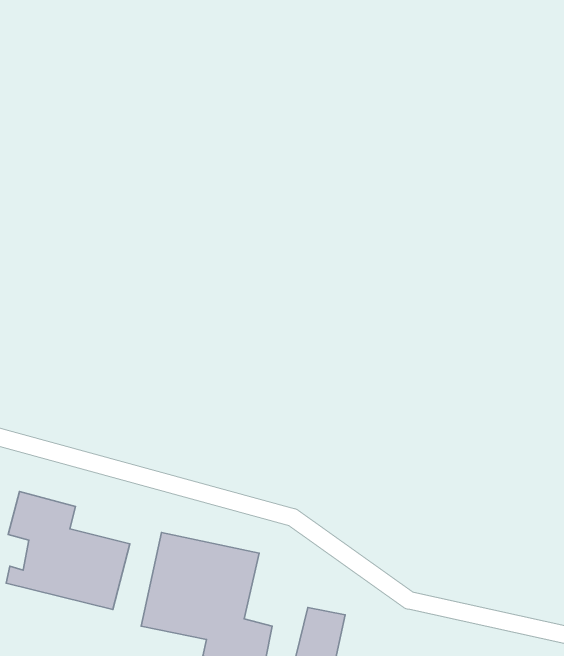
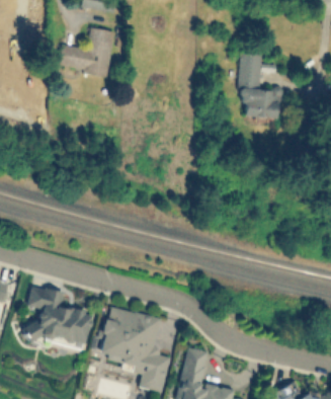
building: none -> [59,28,114,75]
building: none -> [239,54,282,119]

